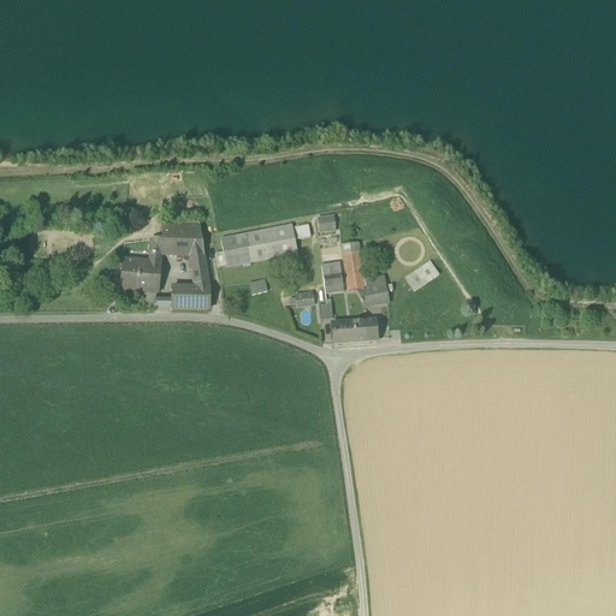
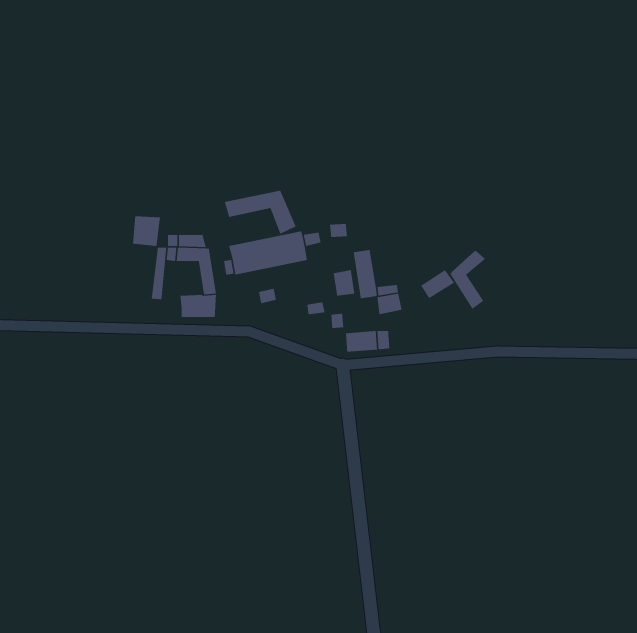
building: none -> [224,190,297,235]
building: none -> [449,250,486,310]
building: [122,259,149,289] -> [132,216,161,247]

